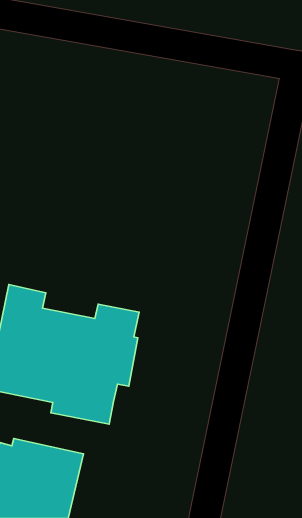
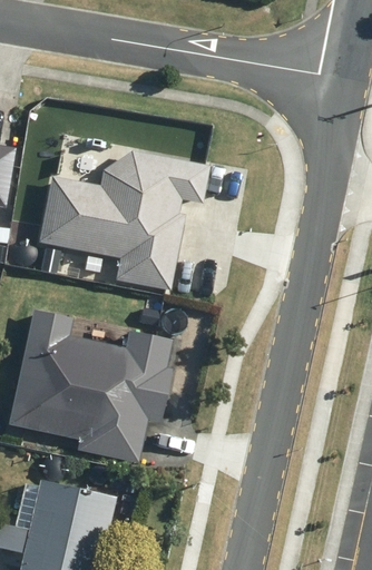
building: none -> [39,151,211,291]

